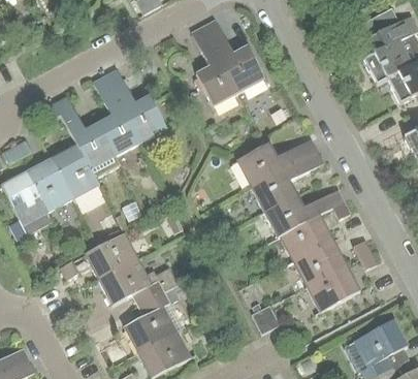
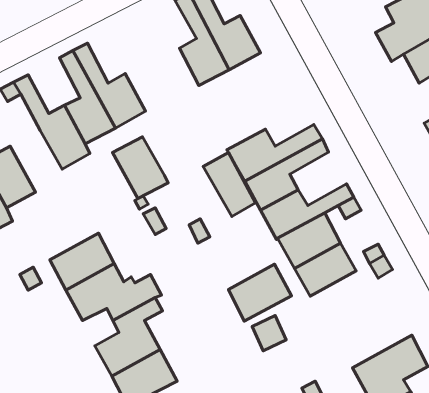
building: [51,145,98,197] -> [112,137,168,199]
building: none -> [203,153,255,217]
building: [307,264,360,313] -> [229,264,292,321]

